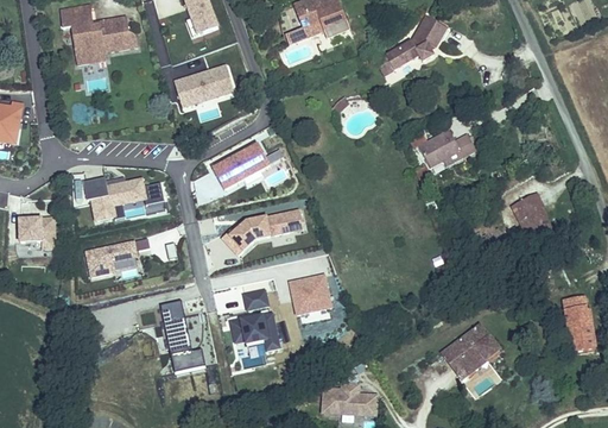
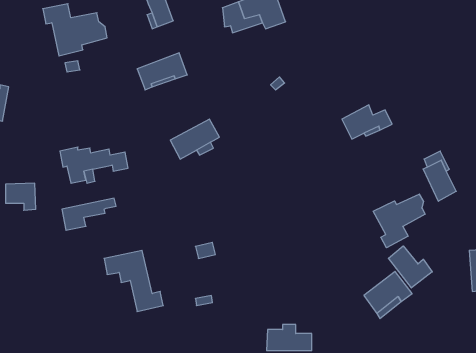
building: [382,15,444,68] -> none
building: [220,208,300,254] -> none
building: none -> [373,194,425,248]
building: [289,273,330,313] -> none
building: none -> [388,246,432,288]
building: [229,311,277,348] -> none

